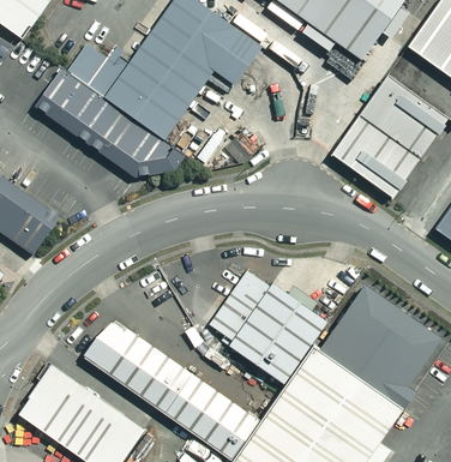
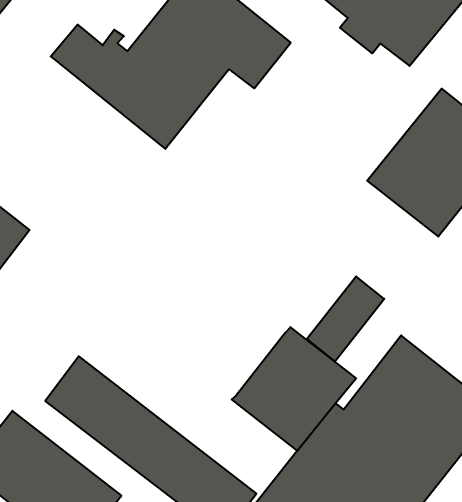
building: [34,68,186,178] -> none
building: [211,268,272,338] -> [307,276,384,362]

